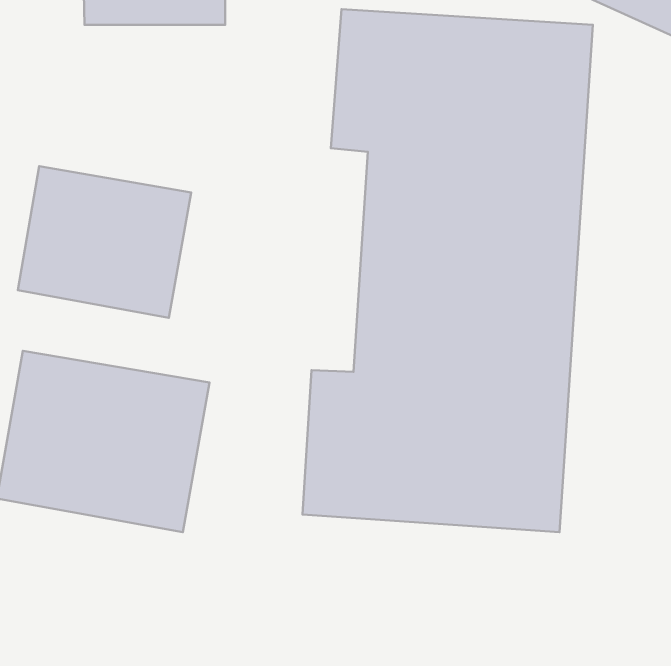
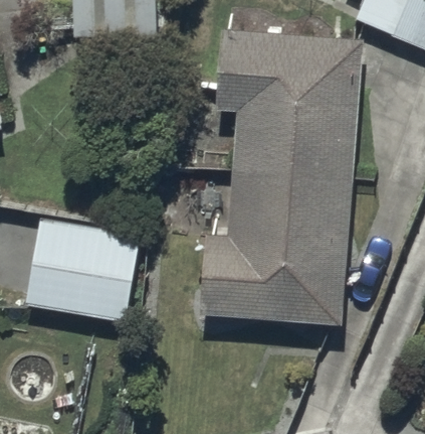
building: [18,166,191,318] -> none

